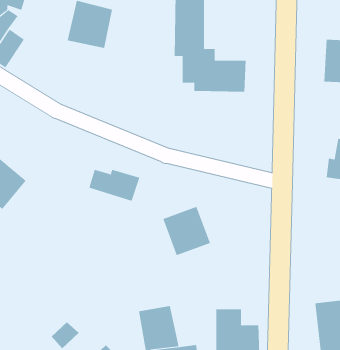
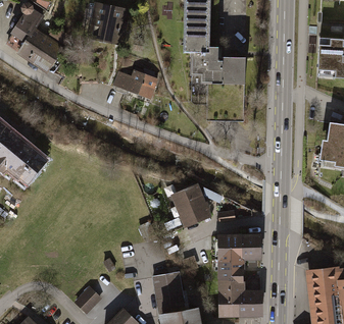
building: none -> [34,38,65,72]
building: [88,169,140,202] -> [114,71,160,100]
building: none -> [218,233,257,275]

